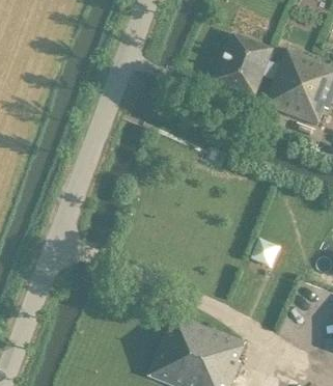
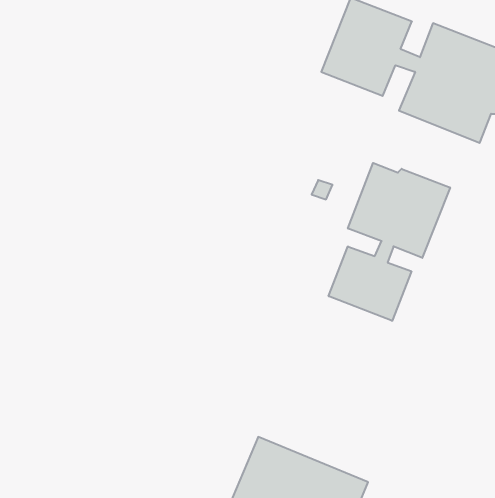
building: none -> [329,163,450,321]

